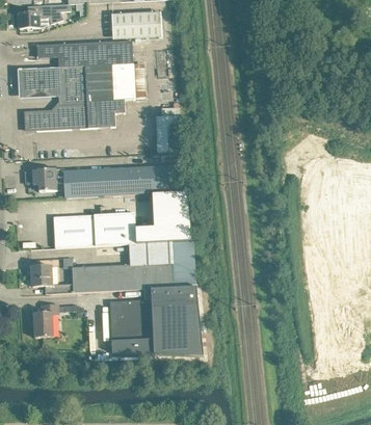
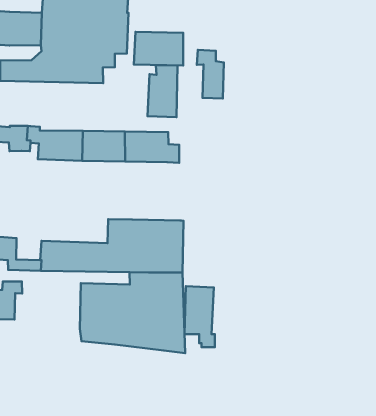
building: none -> [134,32,183,66]
building: none -> [197,50,224,99]
building: [52,194,189,247] -> none
building: none -> [185,286,215,347]

